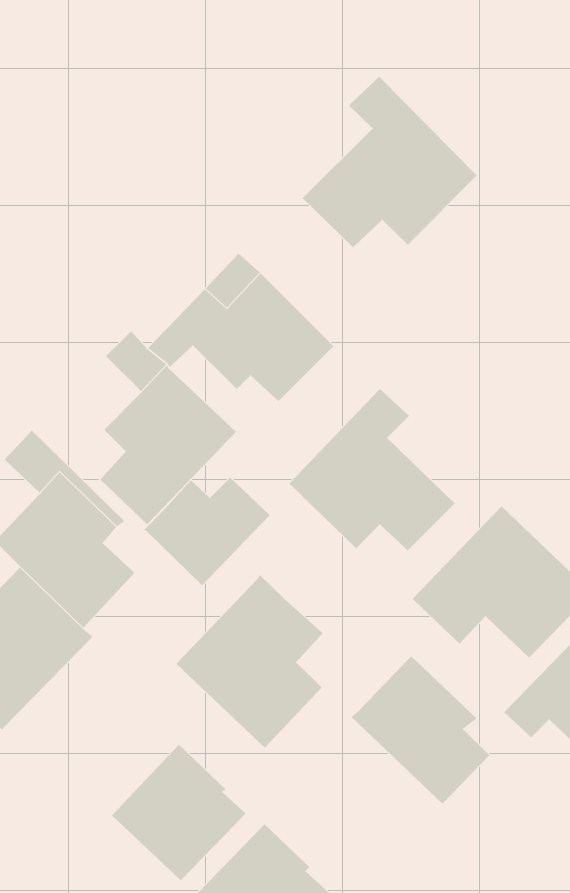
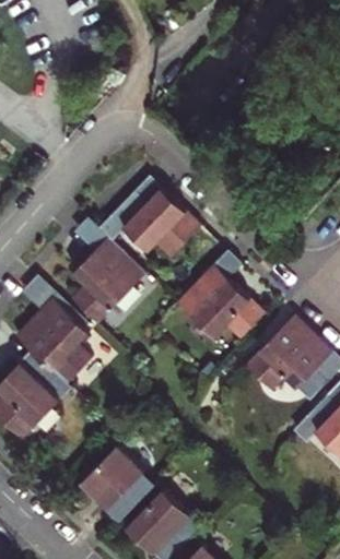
building: [302,76,478,248] -> none
building: [143,477,270,586] -> none
building: [175,574,323,749] -> none
building: [350,655,490,805] -> none

